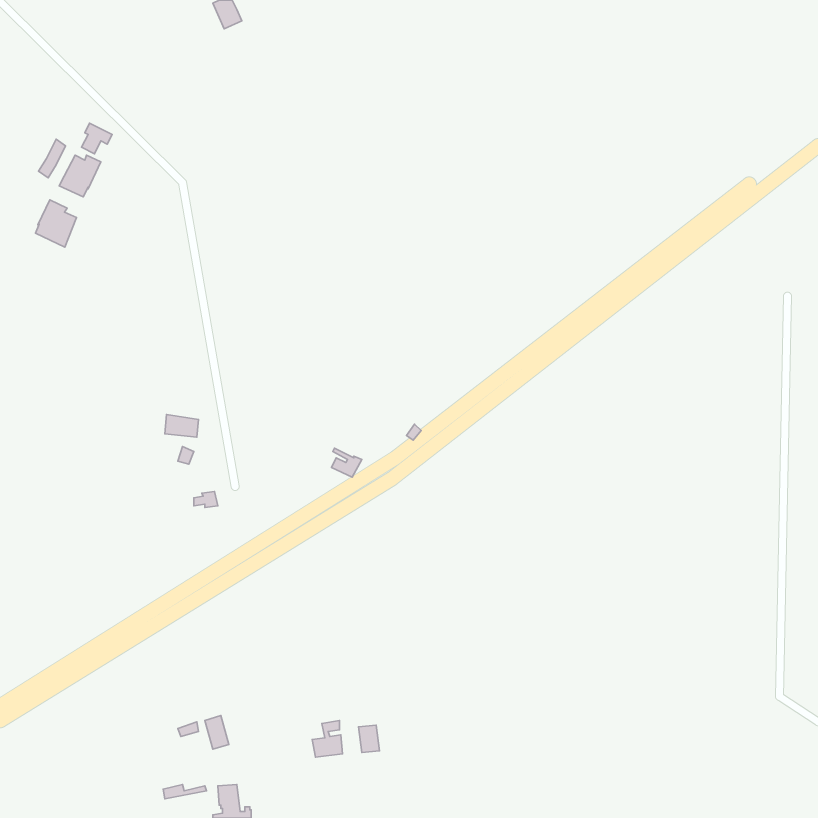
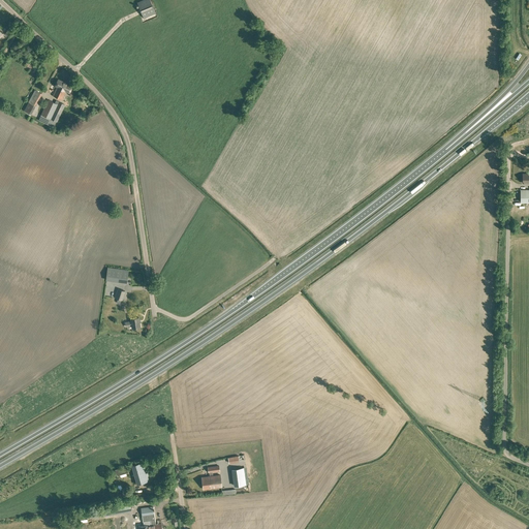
building: [35,200,77,247] -> none

